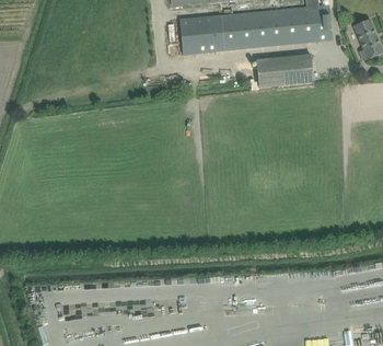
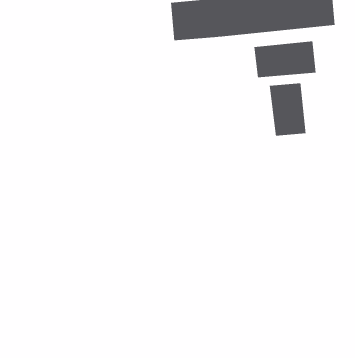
building: none -> [269,82,306,137]

